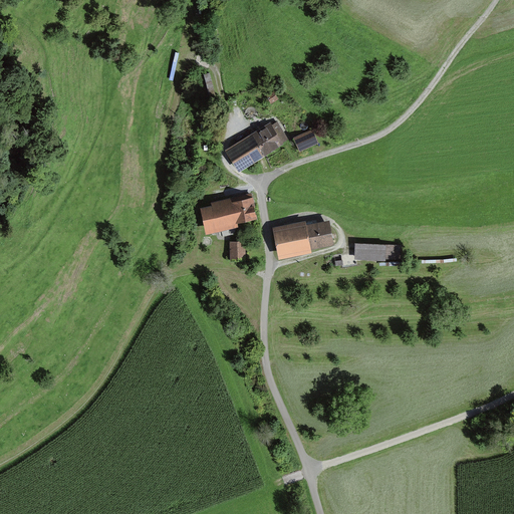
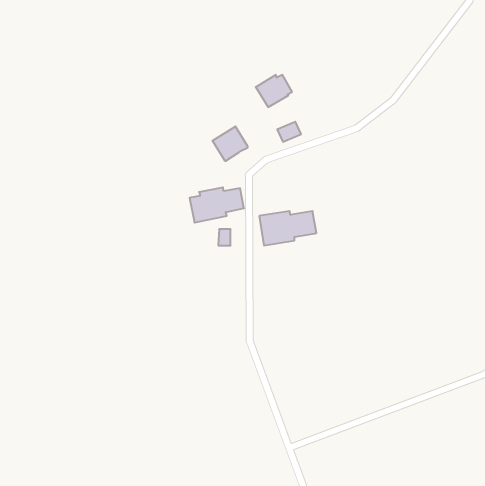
building: [248,120,286,155] -> [256,75,292,107]
building: [354,245,401,261] -> none

